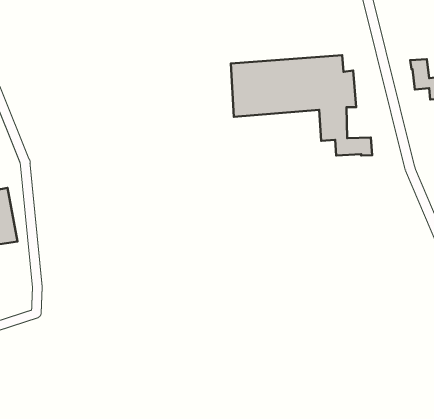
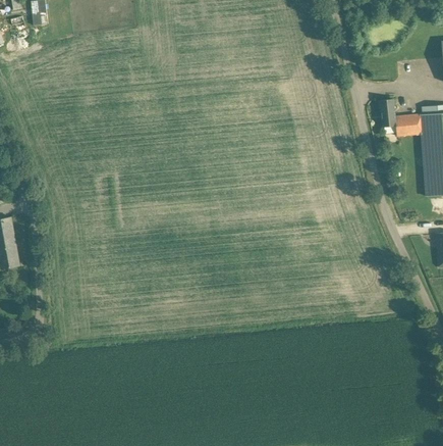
building: [231,55,372,155] -> none

